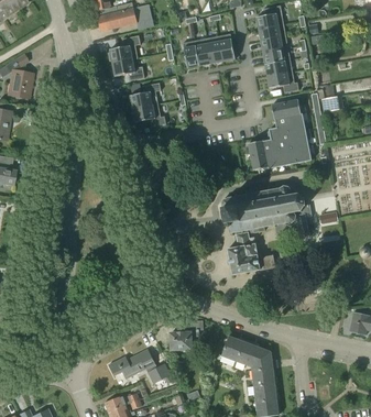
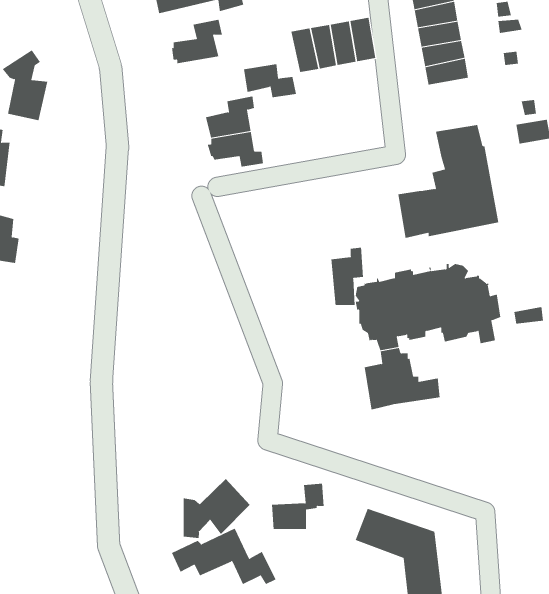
building: [112,57,145,79] -> [243,62,297,98]
building: [268,70,299,91] -> none
building: none -> [331,247,364,306]
building: none -> [183,478,251,539]

